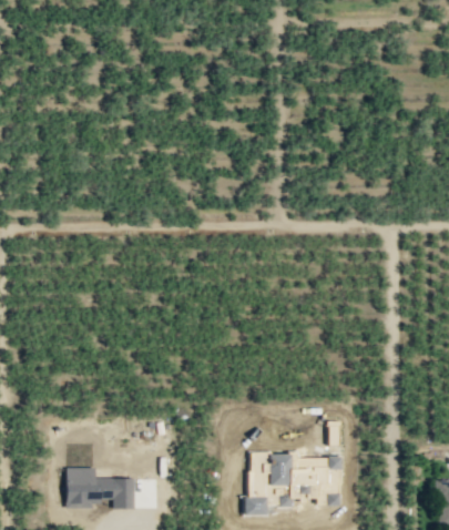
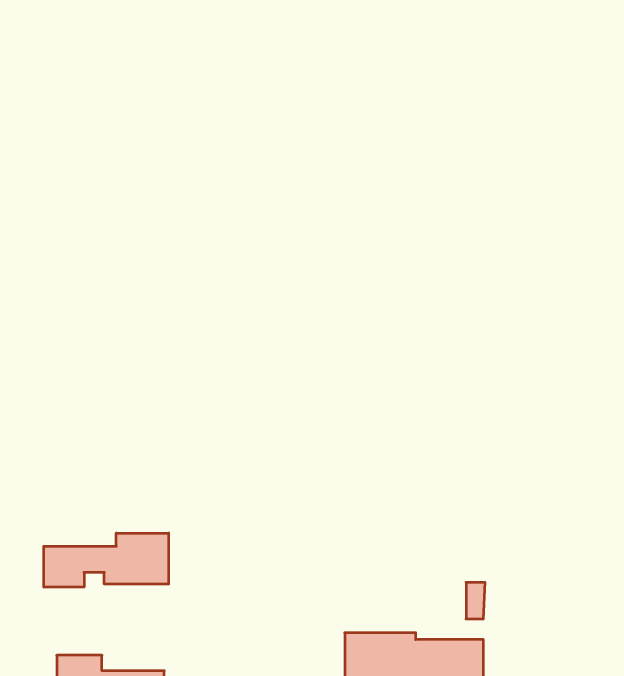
building: none -> [44,533,169,587]

